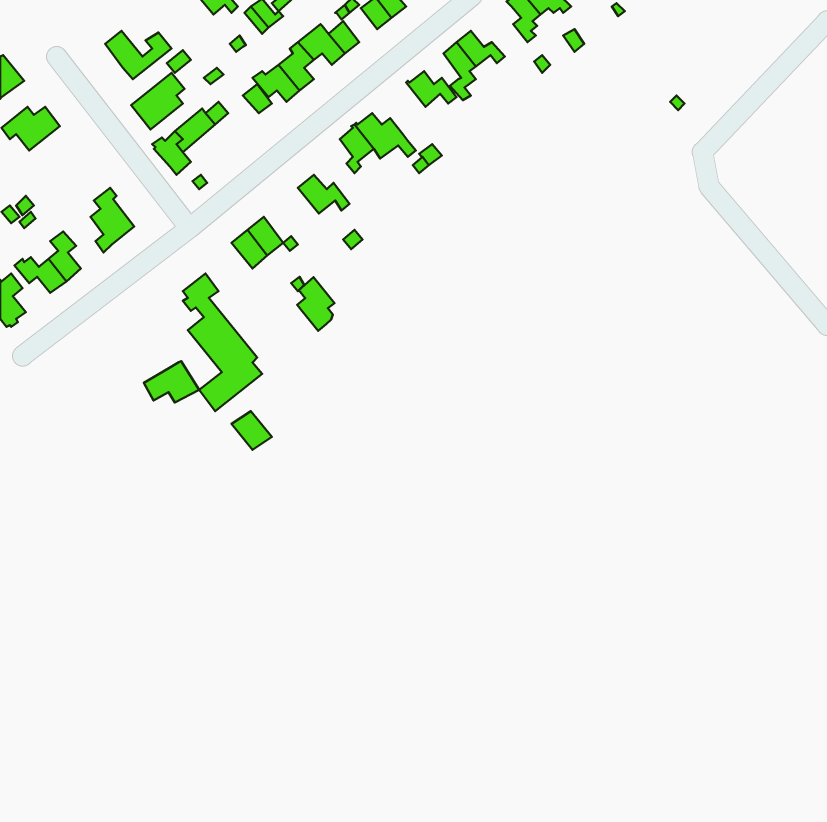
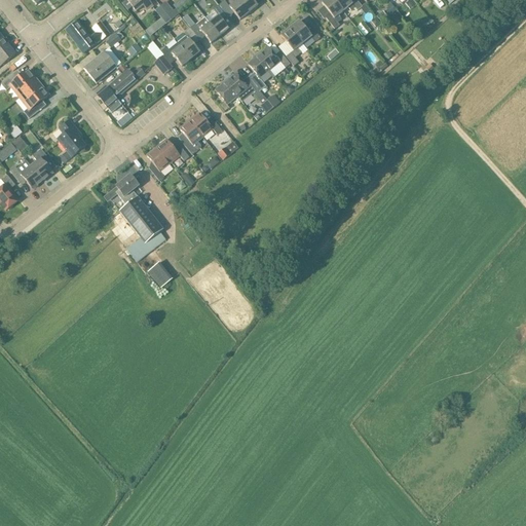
building: none -> [248,52,270,89]
building: none -> [18,80,48,117]
building: [297,277,334,331] -> [179,119,202,153]
building: [144,361,199,403] -> none

